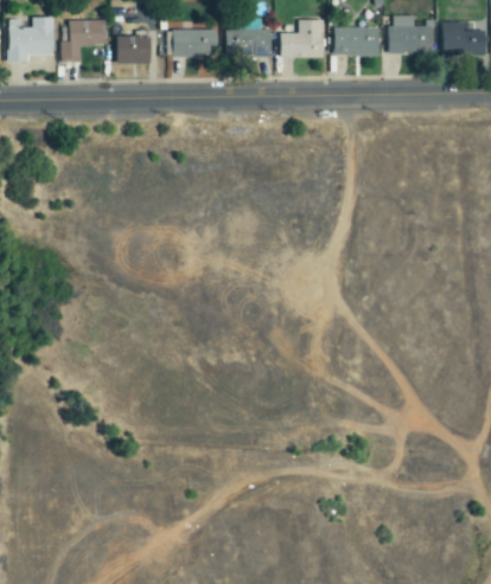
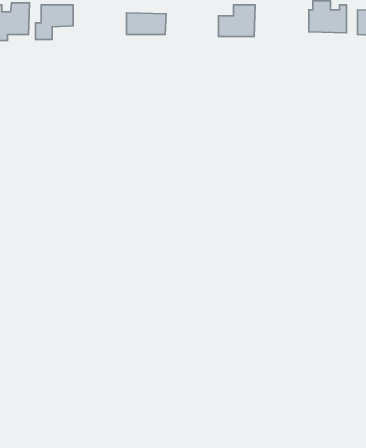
building: [334,26,380,56] -> none
building: [224,28,272,54] -> none
building: [117,36,152,63] -> none

